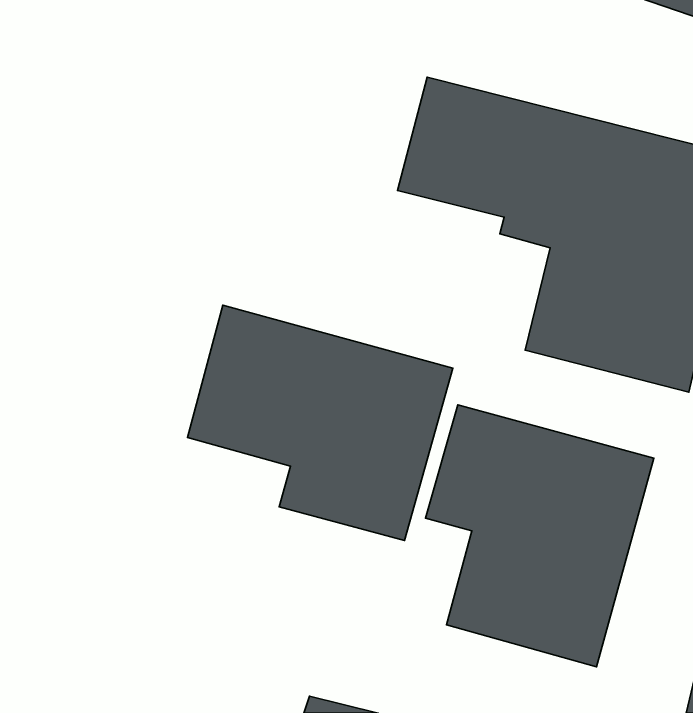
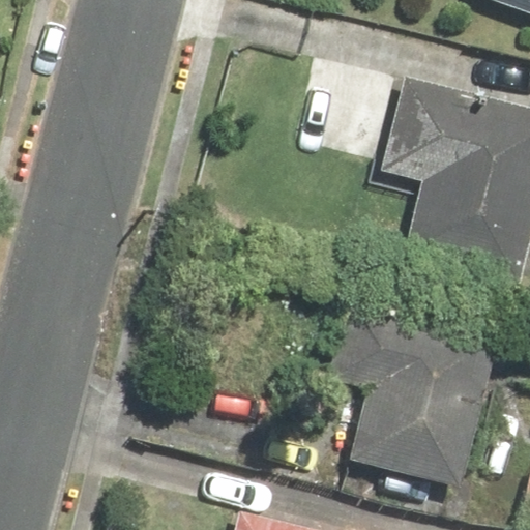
building: [187,305,453,541] -> none

